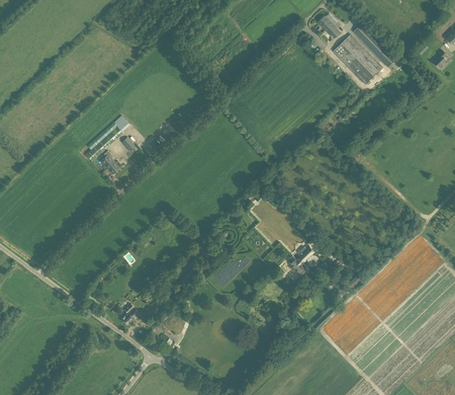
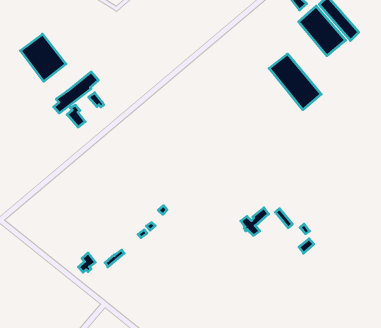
building: none -> [20,34,66,81]
building: none -> [269,54,321,110]

